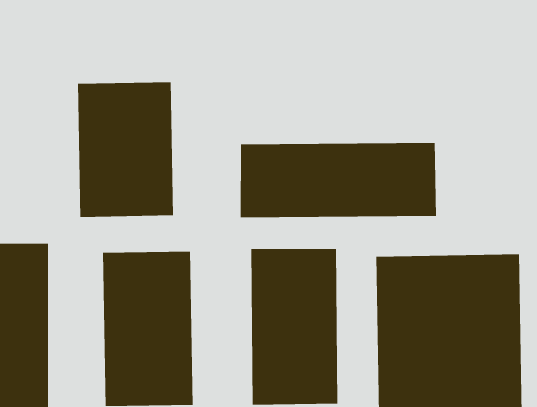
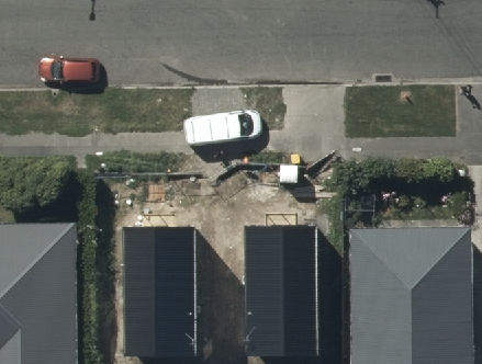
building: [78,81,174,218] -> none
building: [240,142,437,218] -> none

